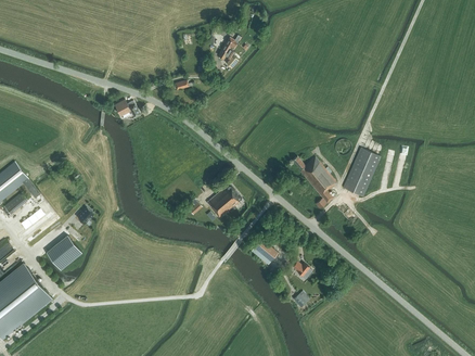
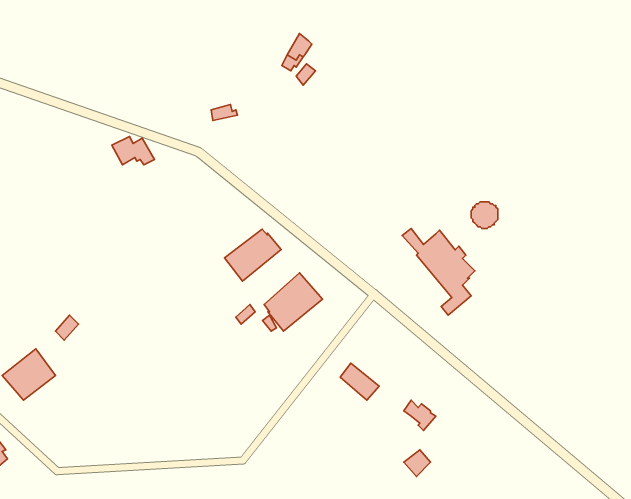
building: [343,149,381,196] -> none
building: none -> [224,229,281,281]

